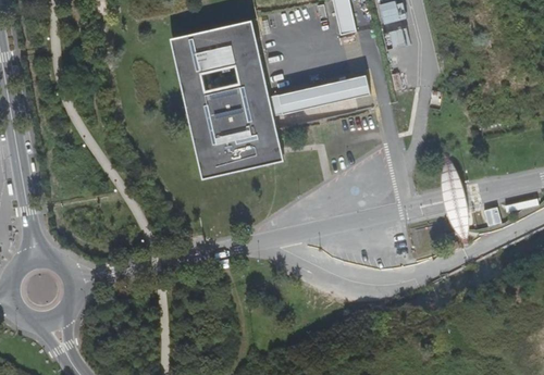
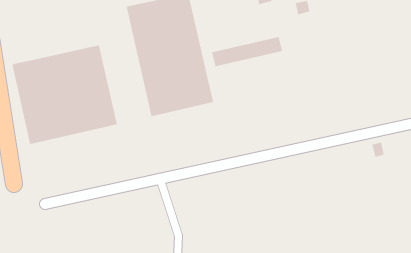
building: none -> [12,45,118,145]

